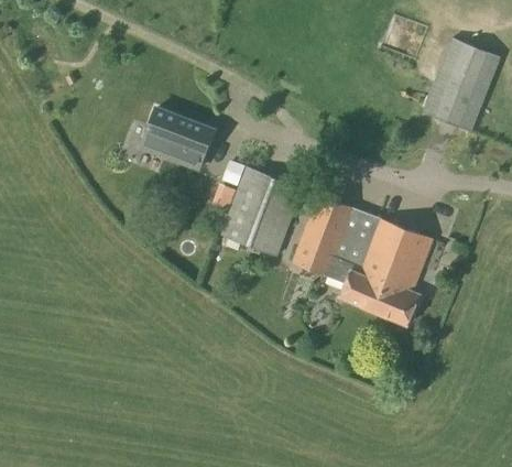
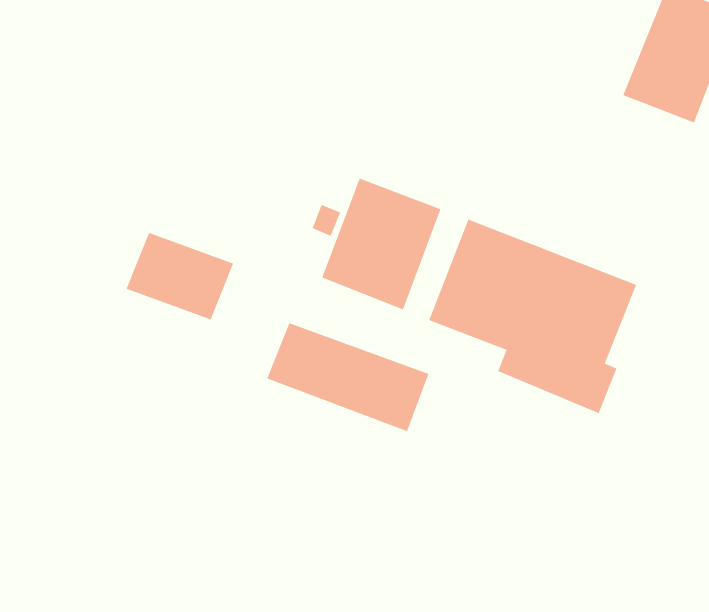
building: [141,109,214,169] -> [126,232,234,321]
building: none -> [266,322,430,432]

